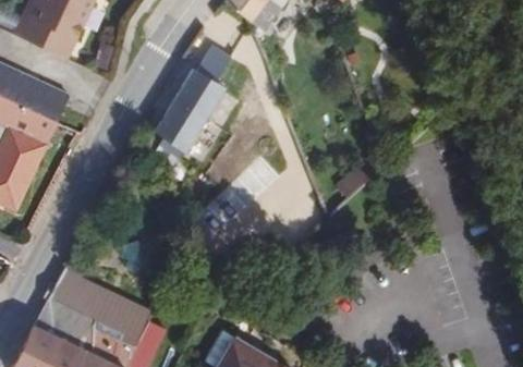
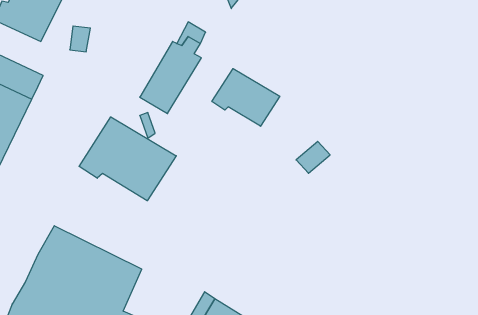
building: none -> [212,69,280,126]
building: none -> [79,117,176,201]

